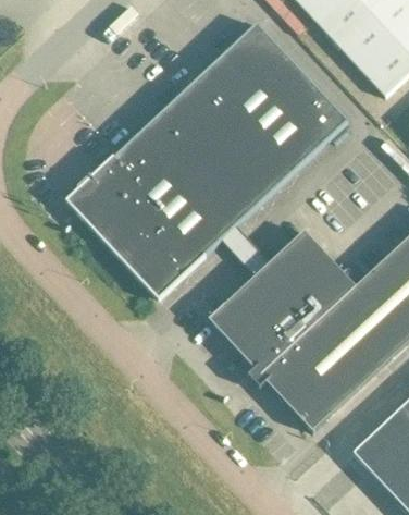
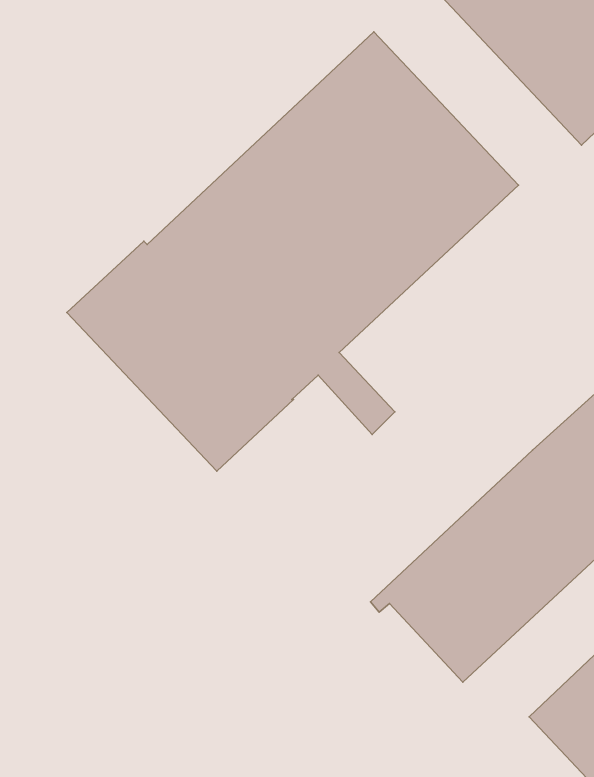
building: [209,230,356,380] -> none

